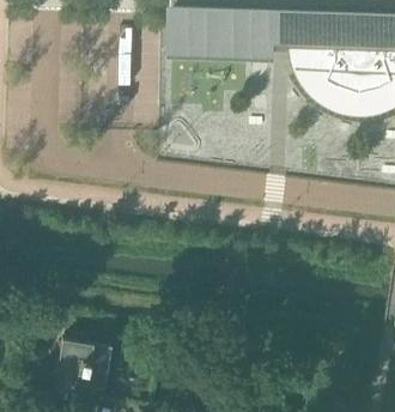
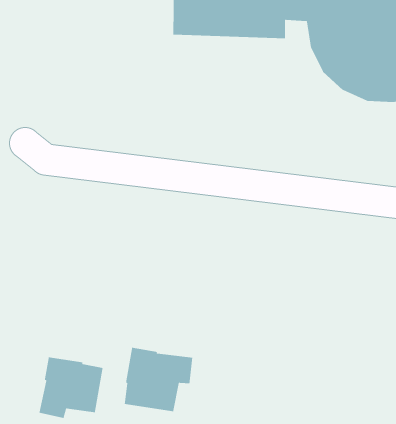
building: none -> [124,347,193,412]

